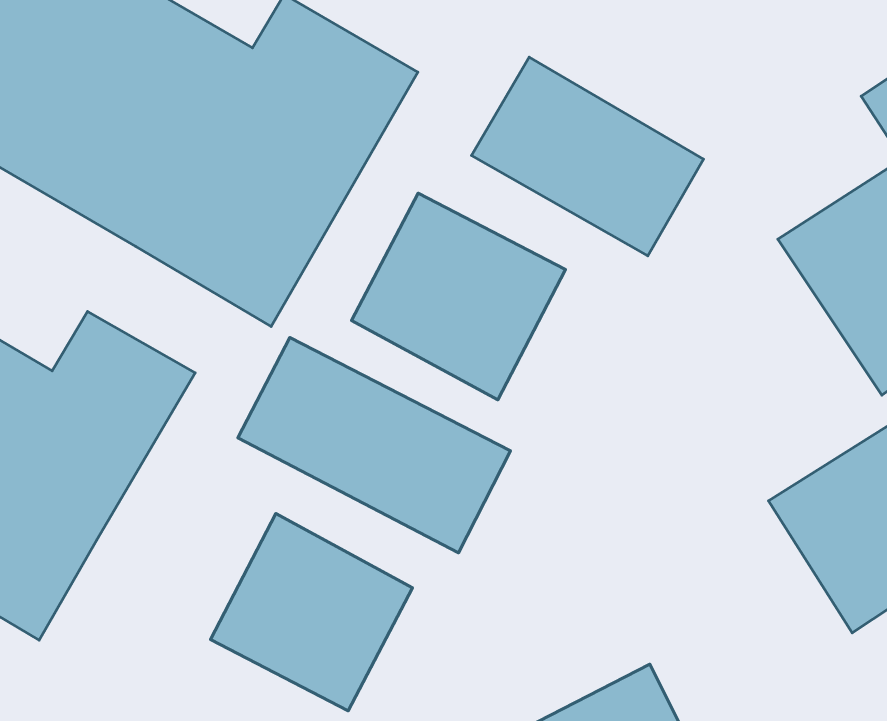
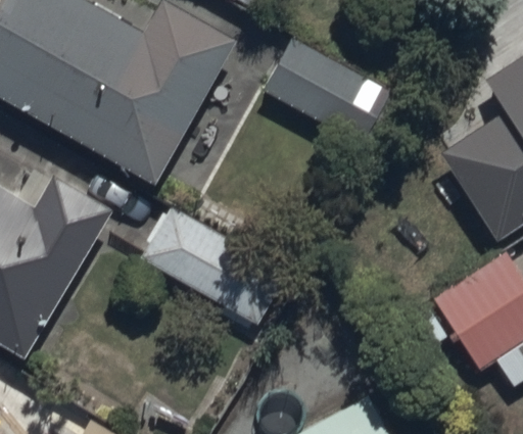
building: [352,193,566,400] -> none
building: [211,514,412,711] -> none

